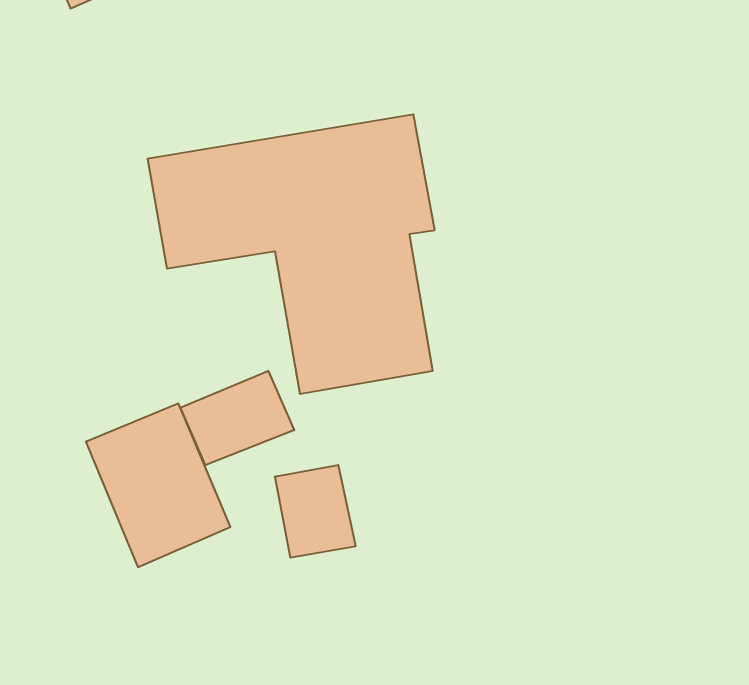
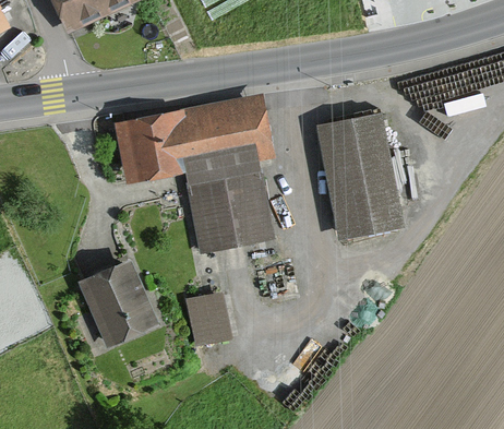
building: none -> [316,115,404,239]
building: [181,371,294,465] -> none

